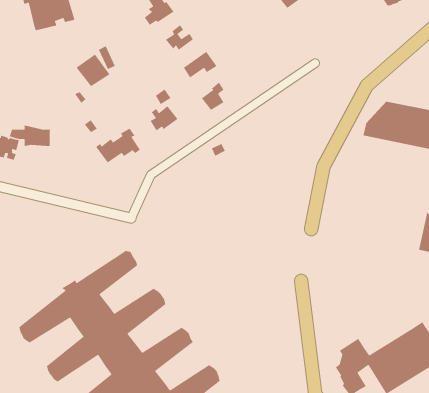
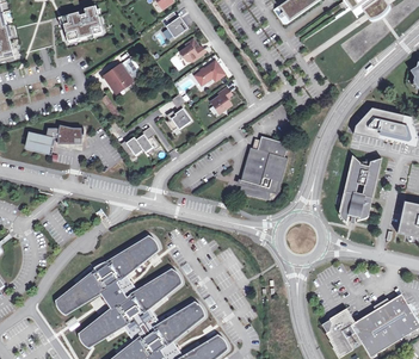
building: none -> [238,137,288,200]
building: none -> [339,156,381,222]

